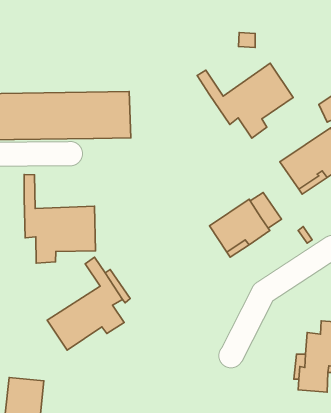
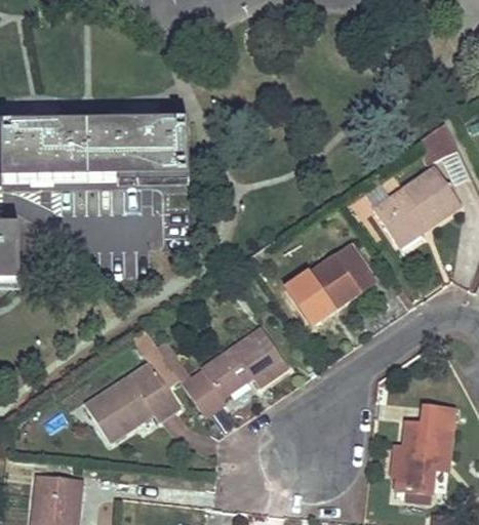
building: [197,63,293,138] -> none
building: [24,175,95,263] -> none
building: none -> [184,325,289,416]

